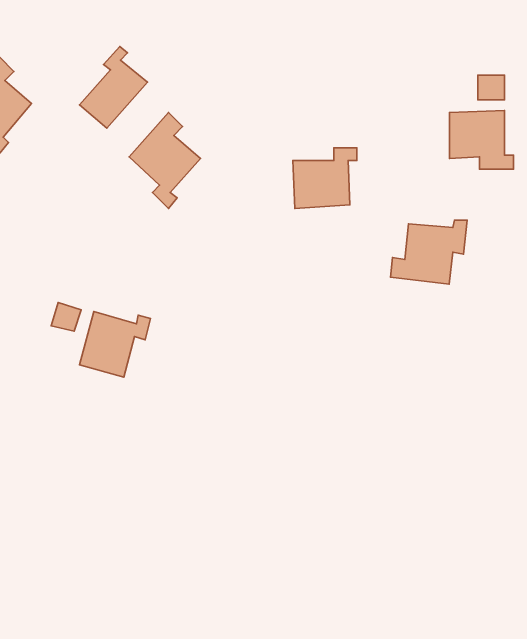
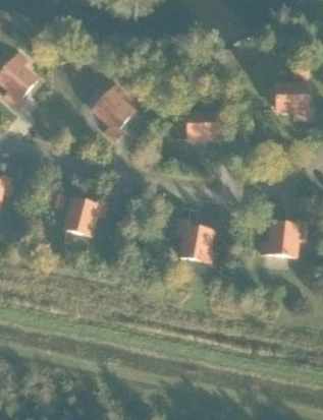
building: [79,46,147,128] -> none
building: [391,220,467,284] -> [261,220,305,256]
building: none -> [177,219,215,261]

